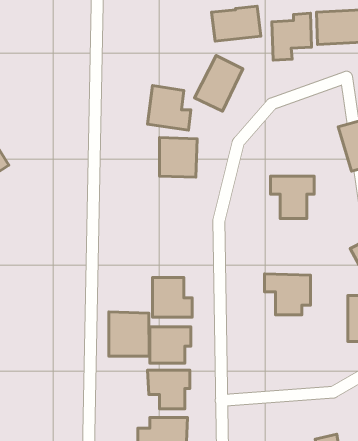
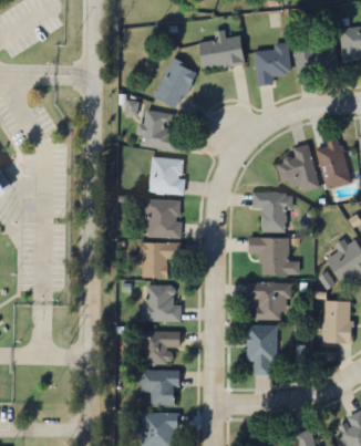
building: [195,56,243,111] -> [153,59,197,110]
building: none -> [276,144,319,191]
building: none -> [147,199,181,238]
building: none -> [248,237,298,276]
building: none -> [140,242,181,278]
building: [109,312,149,356] -> none
building: none -> [246,325,275,375]

